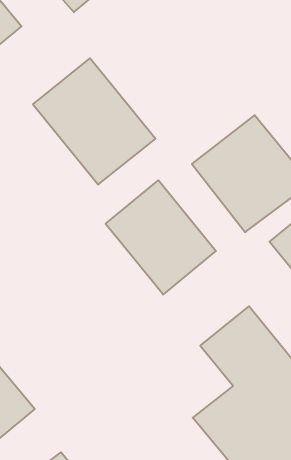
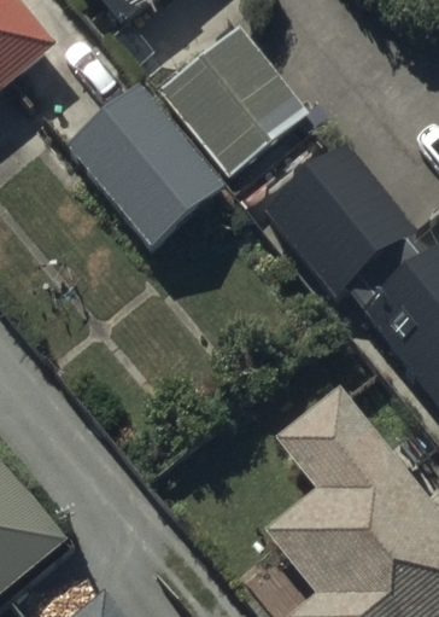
building: none -> [157,23,308,175]
building: [106,180,216,295] -> none

